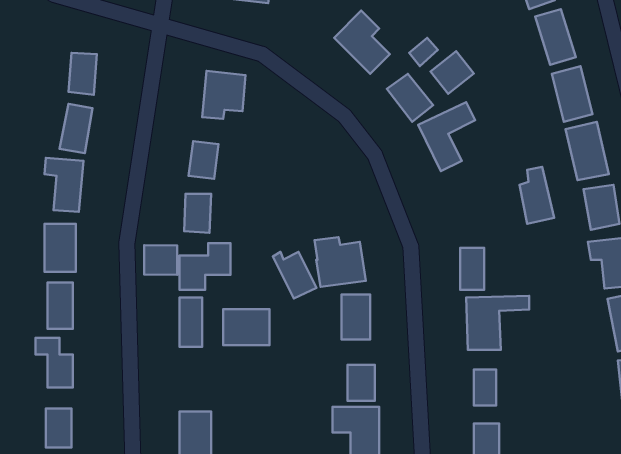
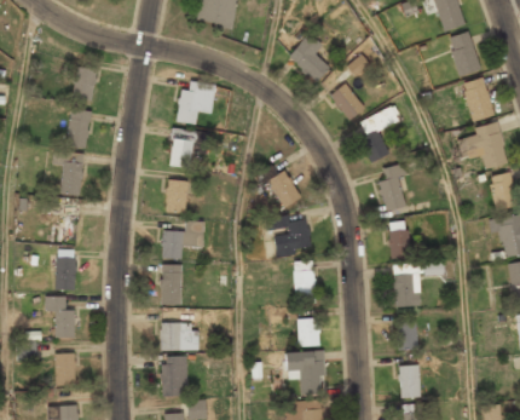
building: [430,51,474,94] -> none
building: [520,167,554,224] -> [379,167,406,213]
building: [144,245,177,275] -> none
building: [273,252,316,298] -> [265,169,300,207]
building: [223,309,270,345] -> [161,322,198,351]

